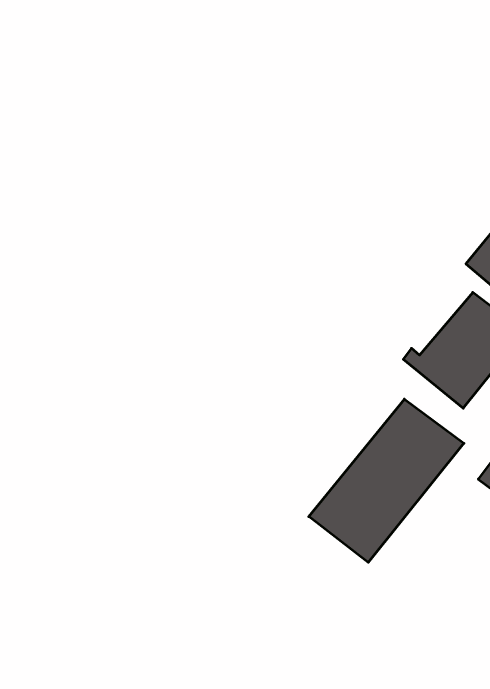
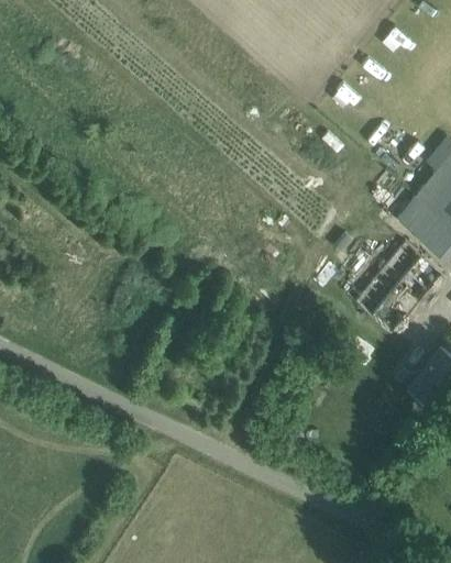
building: [309,399,464,562] -> none

